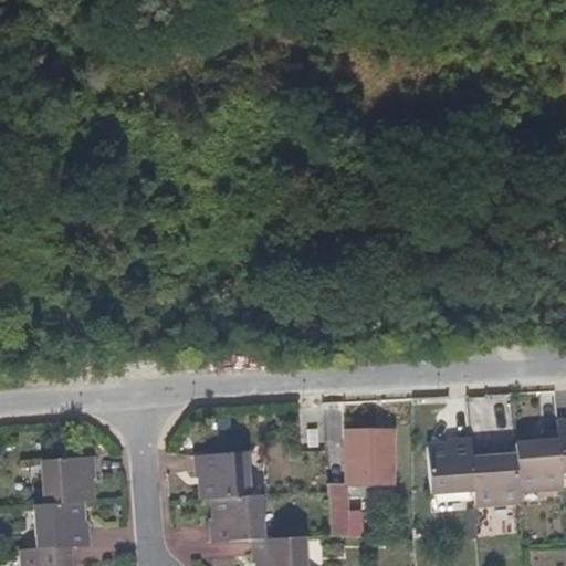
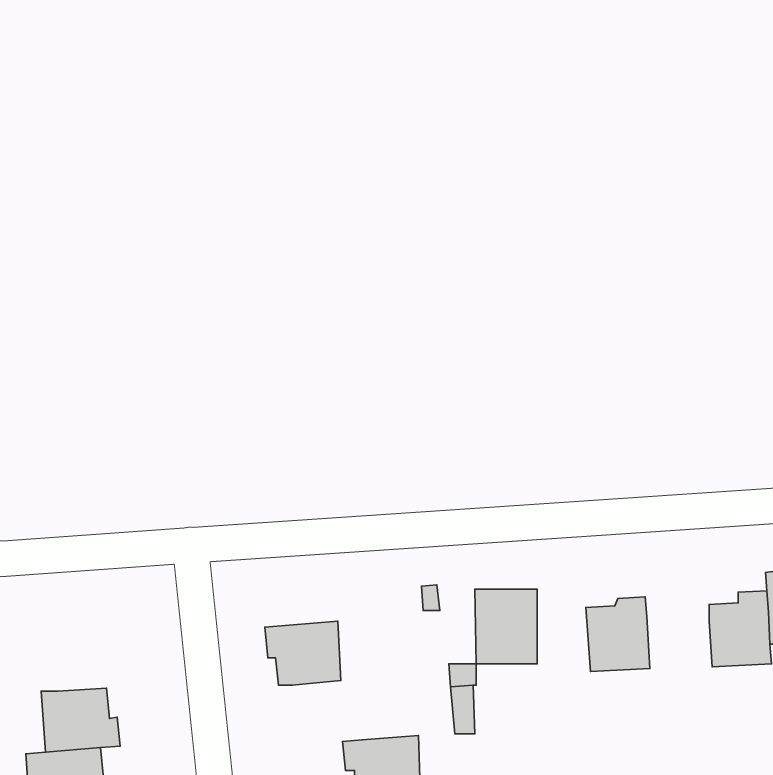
building: [473,449,522,502] -> none
building: [43,457,95,504] -> none
building: [211,496,266,544] -> none

